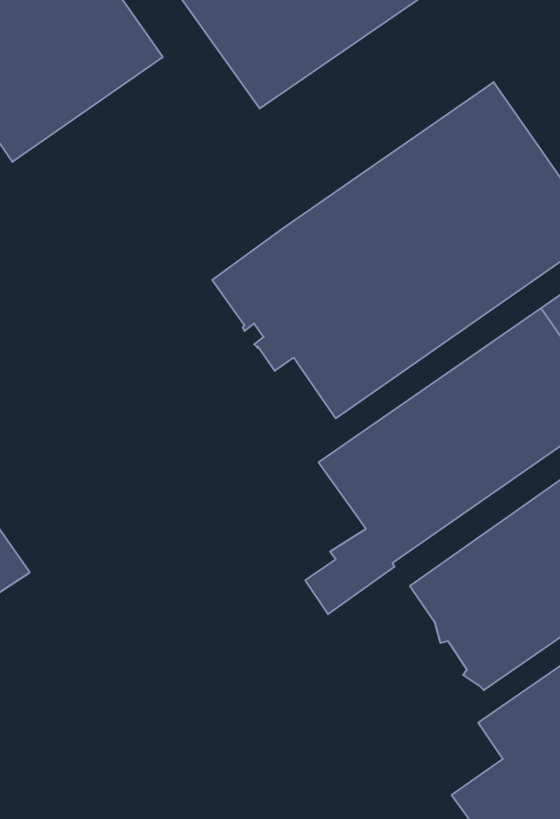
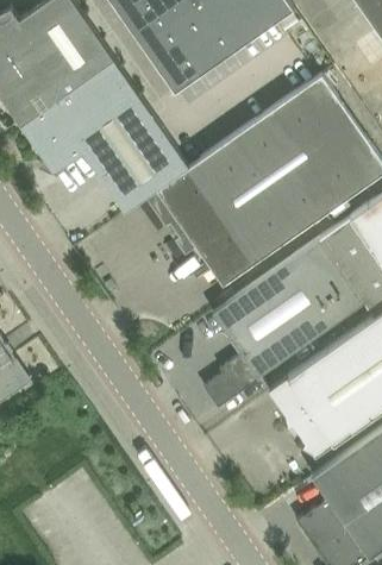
building: none -> [21,61,190,213]

